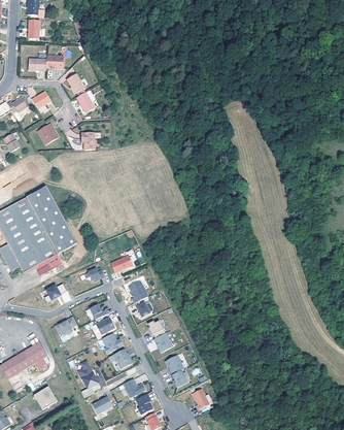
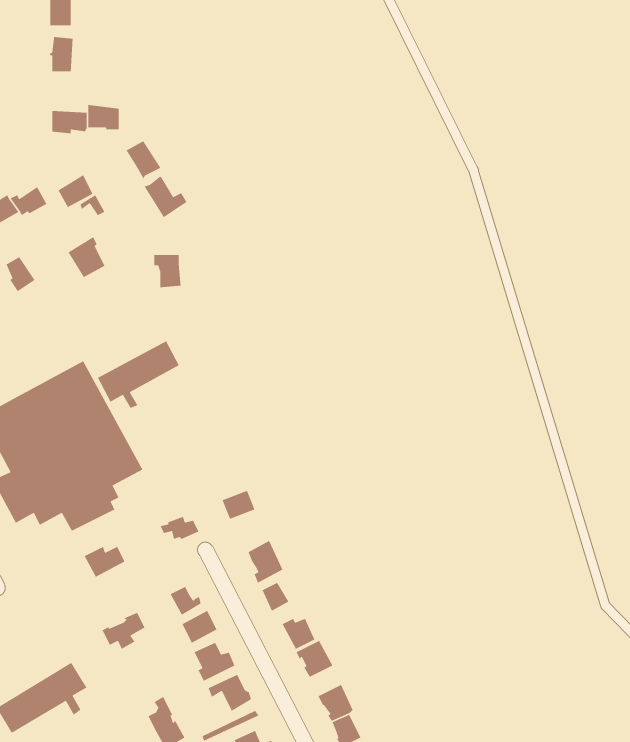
building: none -> [97,340,180,409]

